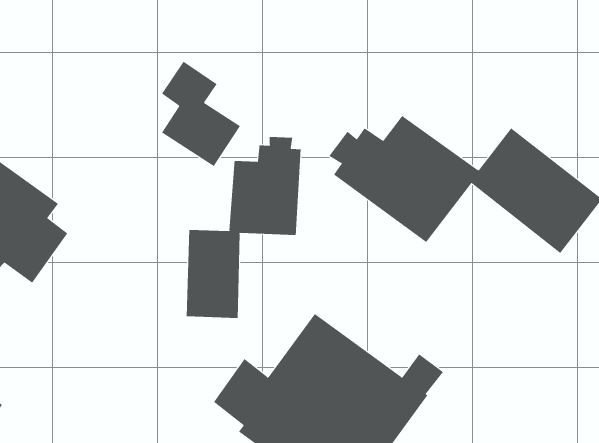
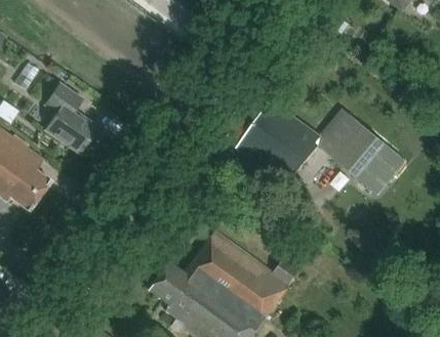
building: [161,61,241,167] -> [44,84,96,154]
building: [186,136,301,319] -> none

